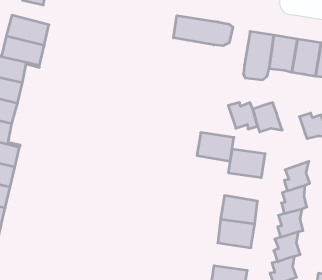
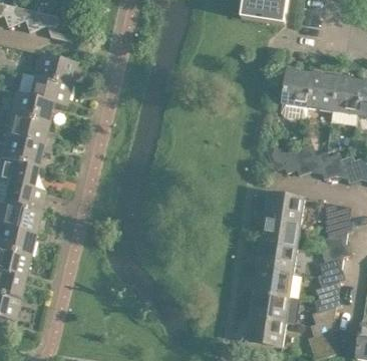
building: [173,16,233,46] -> none
building: none -> [316,151,346,177]
building: [197,133,234,161] -> [261,218,300,248]
building: none -> [250,292,289,321]

